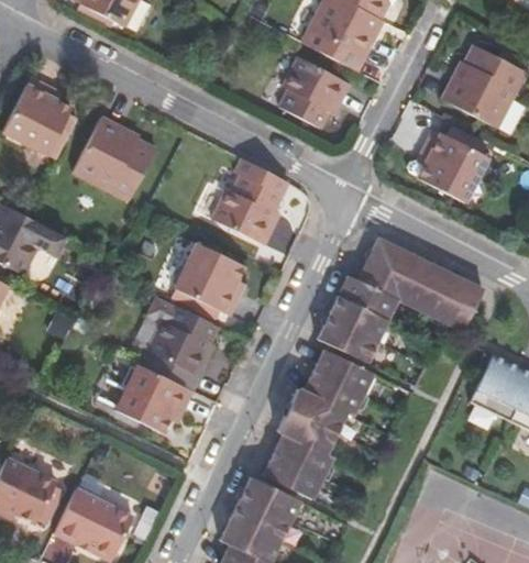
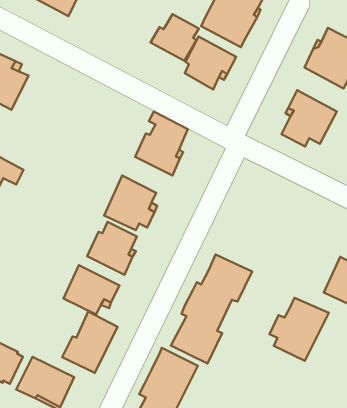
building: none -> [151,14,199,61]
building: [74,119,155,200] -> none
building: [318,239,483,362] -> none
building: none -> [269,298,329,361]
building: none -> [62,311,117,373]

